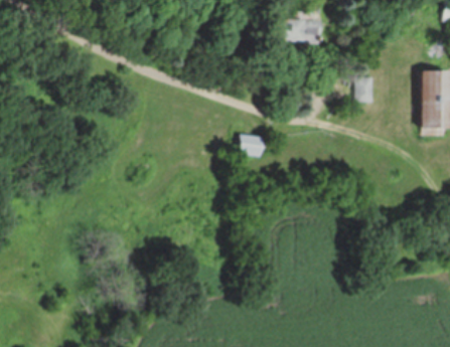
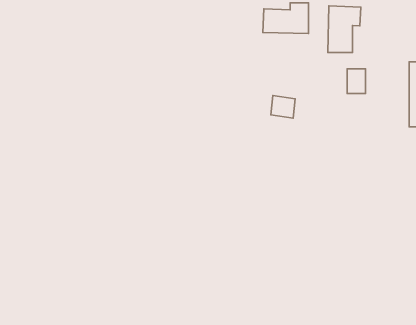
building: none -> [328,6,361,53]
building: [239,135,263,157] -> [271,96,295,118]

